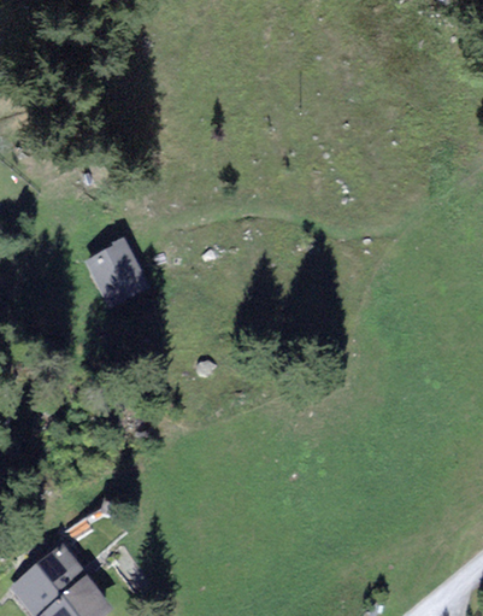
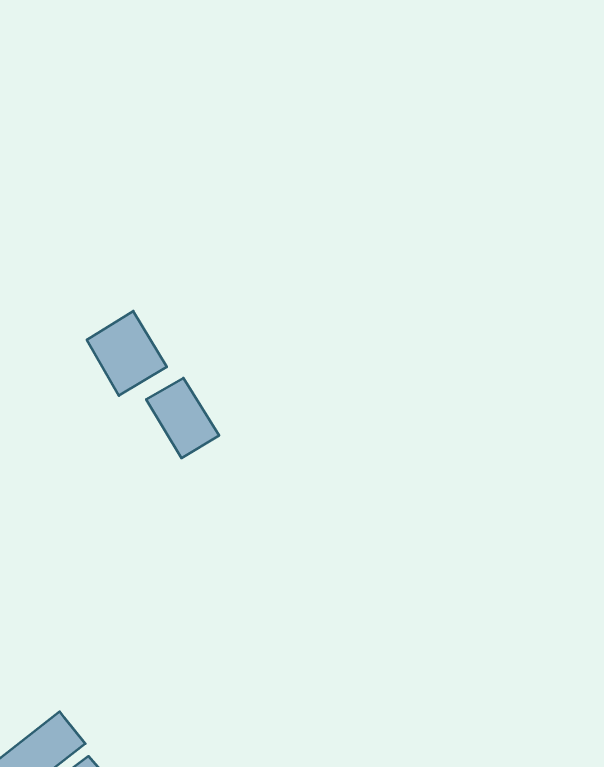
building: none -> [146,378,219,458]

